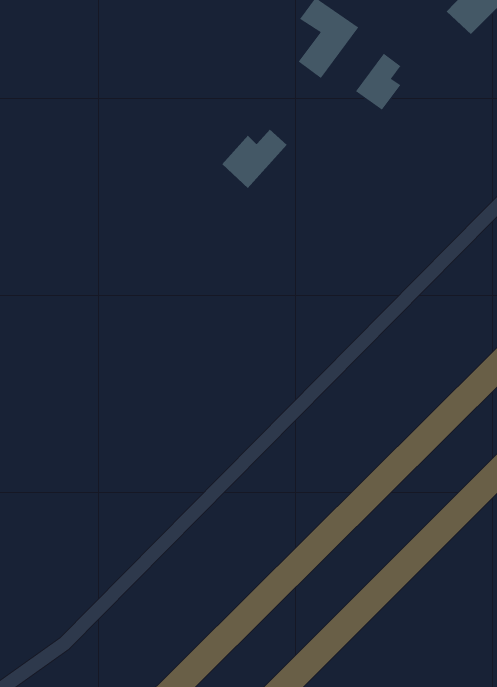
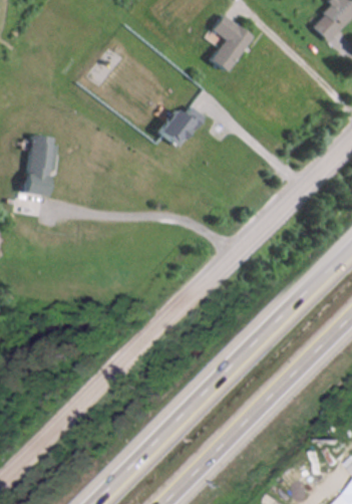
building: [355,53,401,111] -> none
building: none -> [24,136,55,197]

